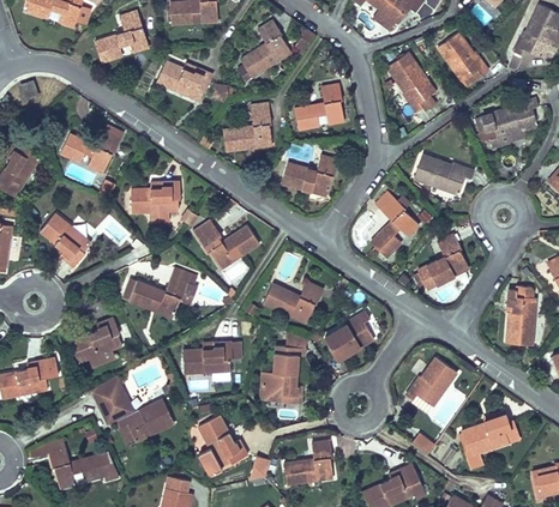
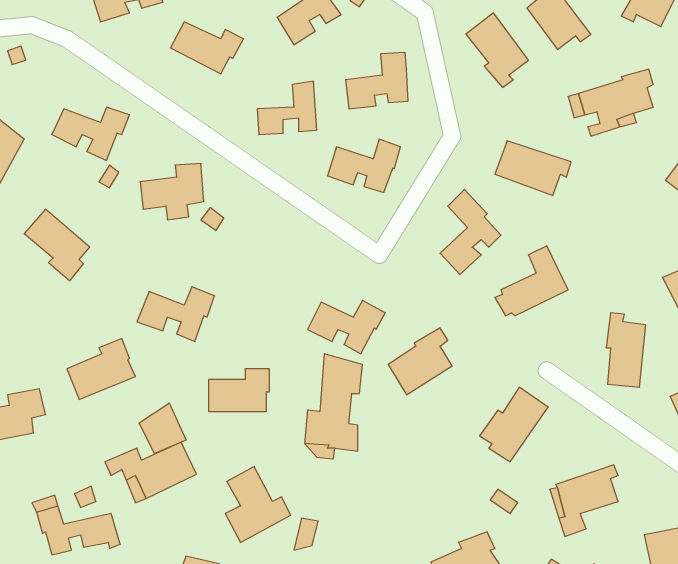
building: [194,217,262,267] -> none
building: [92,369,130,409] -> [139,403,186,454]
building: [285,433,332,477] -> none

